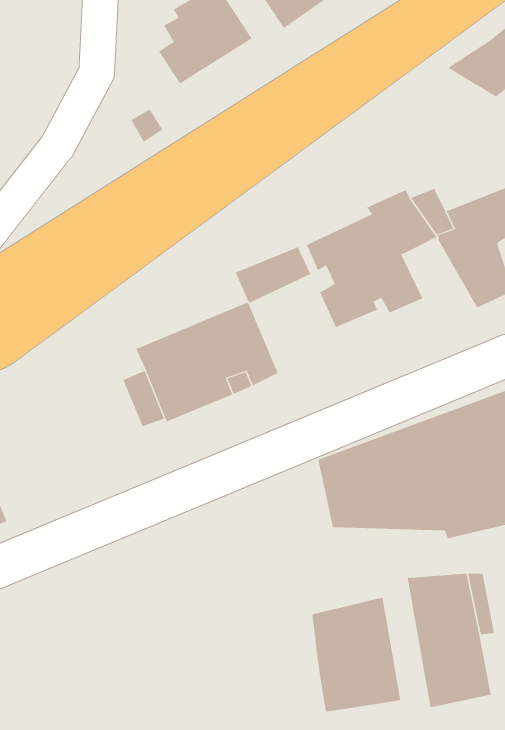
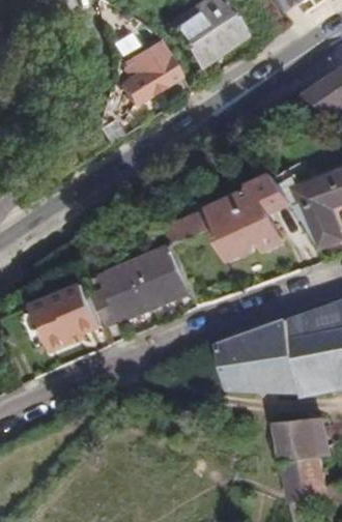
building: none -> [33,283,103,350]
building: [312,597,401,712] -> none

